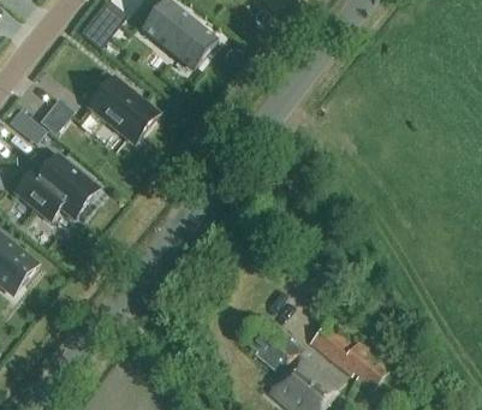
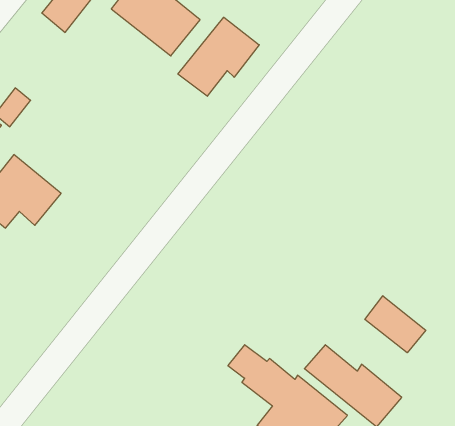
building: none -> [178,17,259,96]
building: [91,78,159,143] -> none
building: none -> [365,296,426,353]

